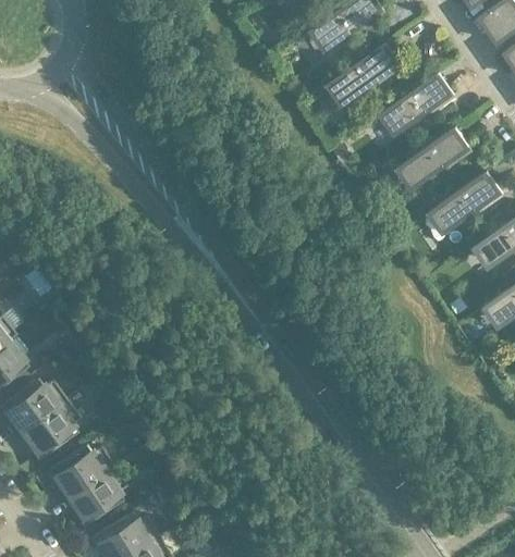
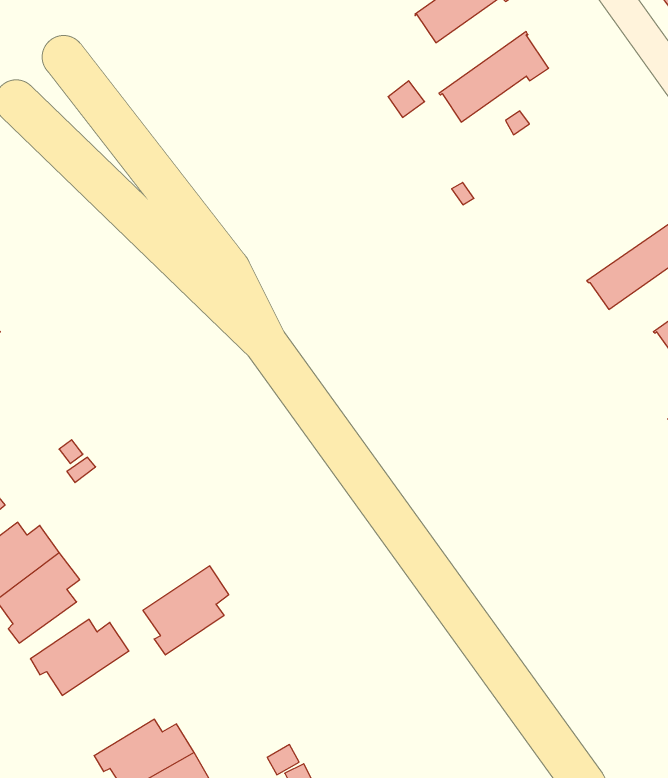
building: [380,74,455,135] -> none
building: [396,128,473,189] -> none
building: [69,468,127,529] -> [143,566,229,655]

